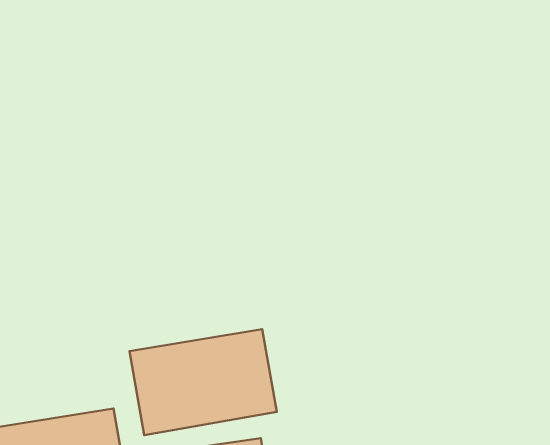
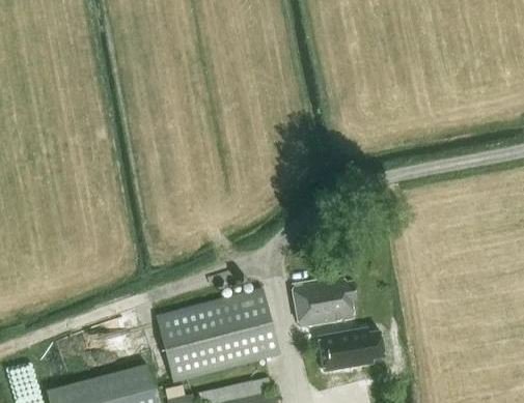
building: none -> [293,279,357,327]
building: none -> [315,327,382,370]

